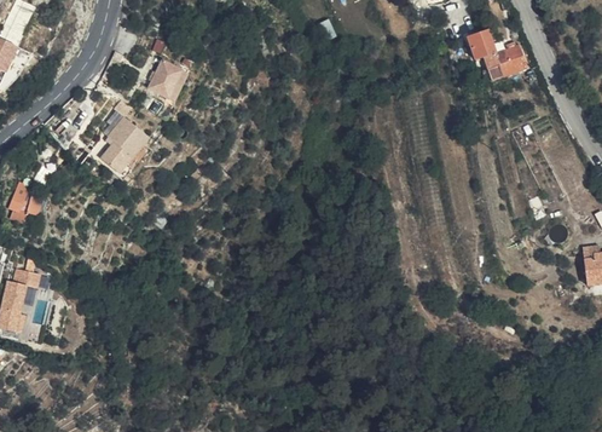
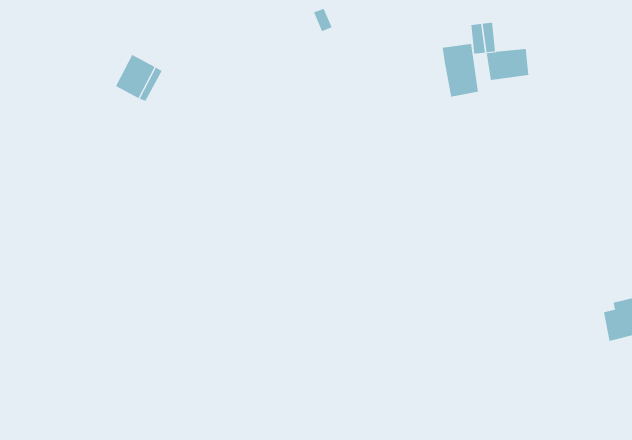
building: none -> [442,43,478,97]
building: [106,111,154,168] -> none

